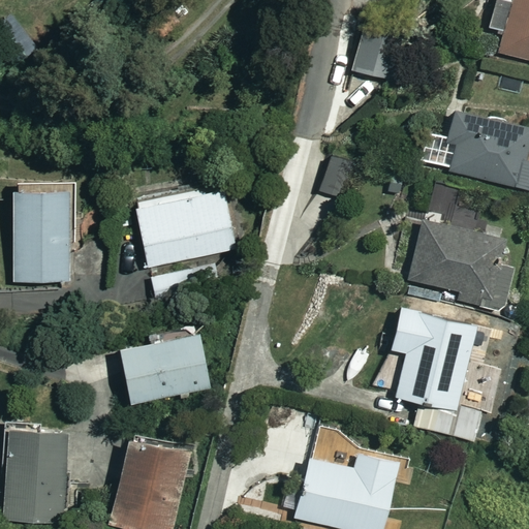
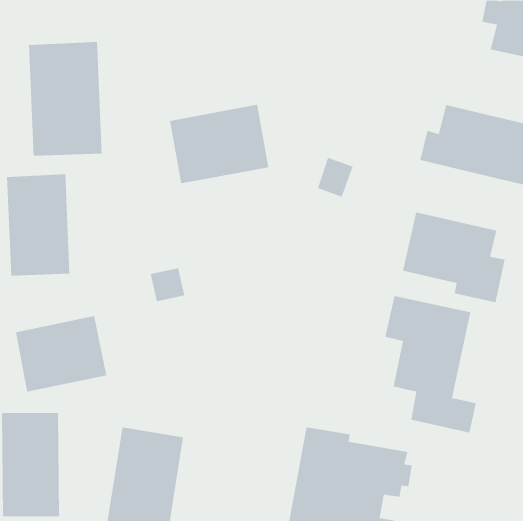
building: [350,38,401,84] -> none
building: none -> [29,41,102,156]
building: [138,191,239,271] -> [169,104,269,184]
building: [118,323,210,400] -> [15,316,107,392]

